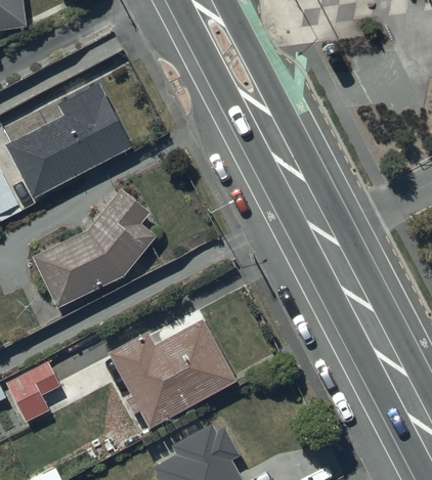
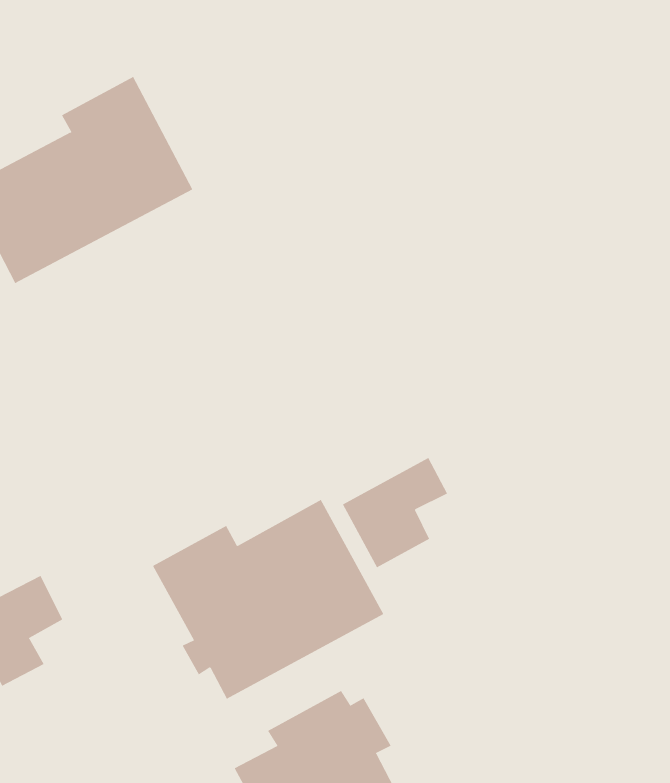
building: [32,189,155,308] -> none
building: none -> [342,457,448,568]

